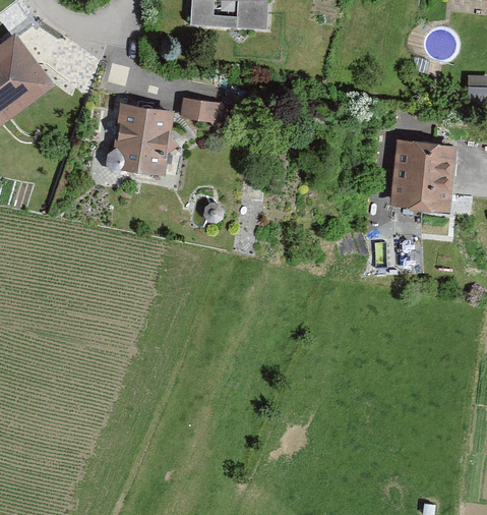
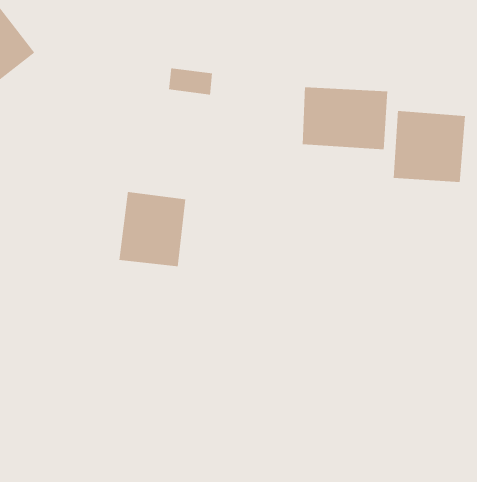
building: [110,104,173,174] -> [118,191,186,267]
building: none -> [302,86,388,150]

